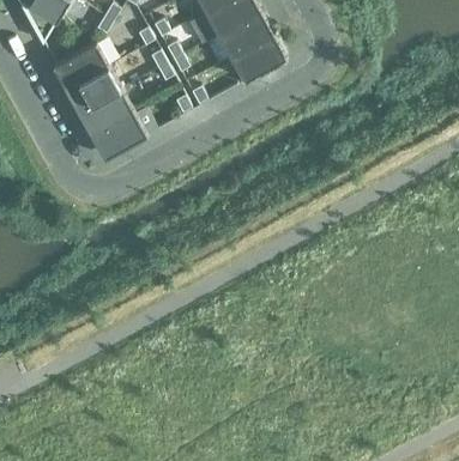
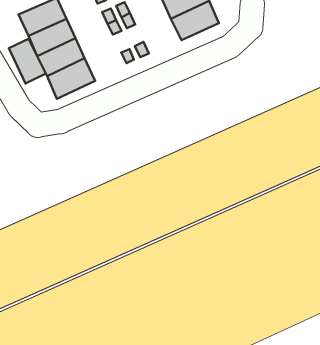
building: none -> [9,39,46,84]

